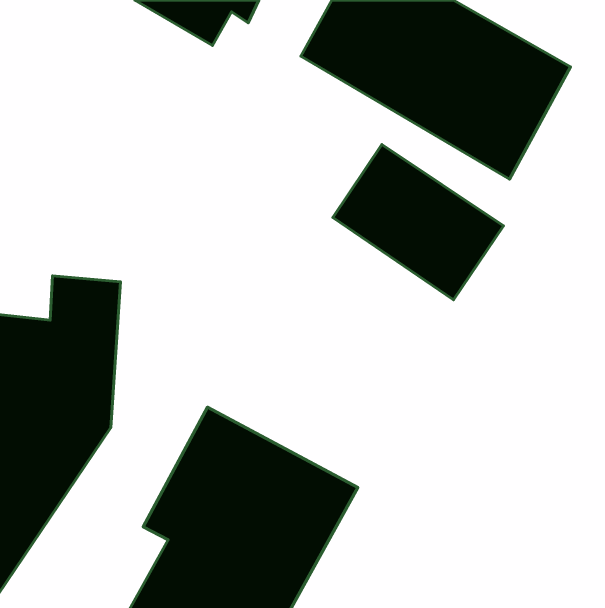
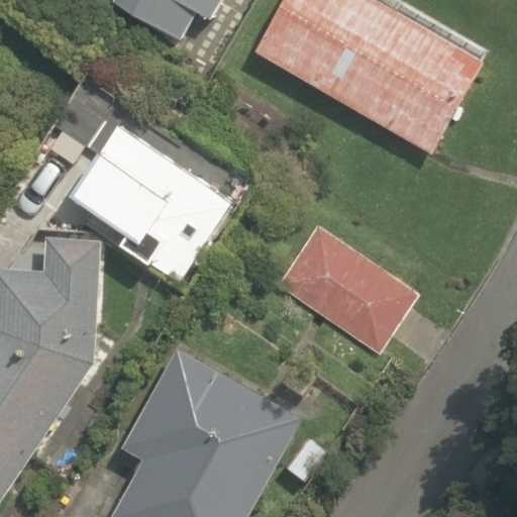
building: none -> [68,124,230,284]
building: [333,145,504,300] -> [277,225,421,356]

